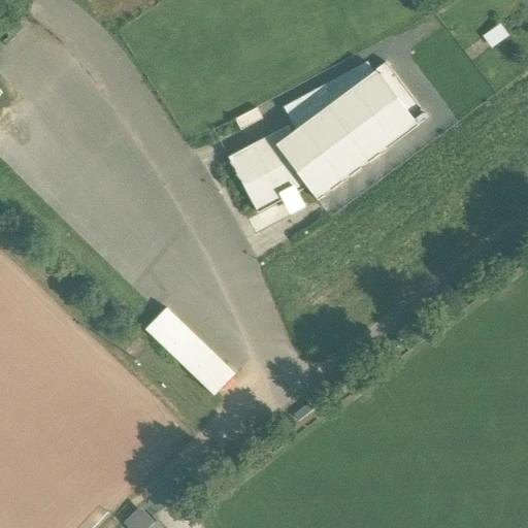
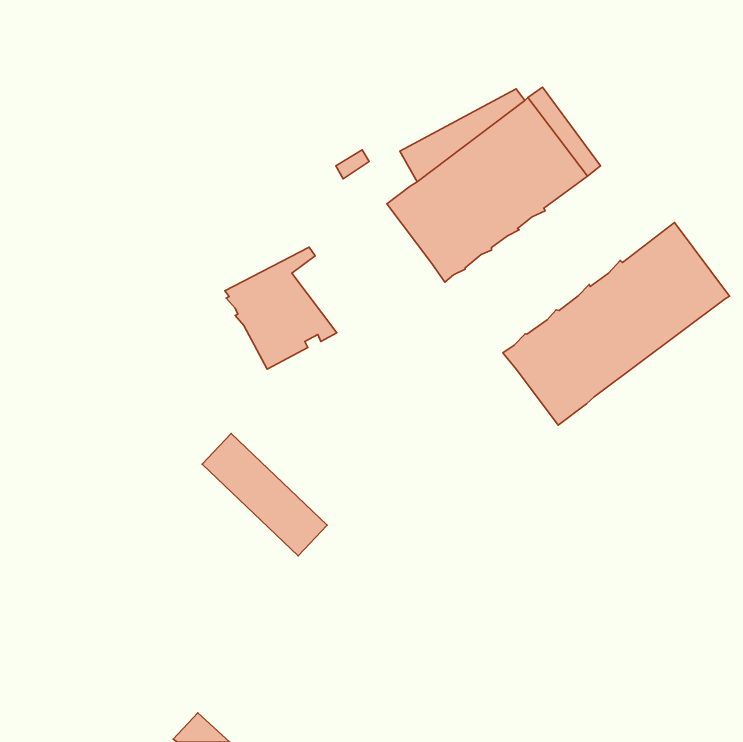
building: [227,126,306,212] -> [225,247,337,369]
building: none -> [503,223,729,425]

